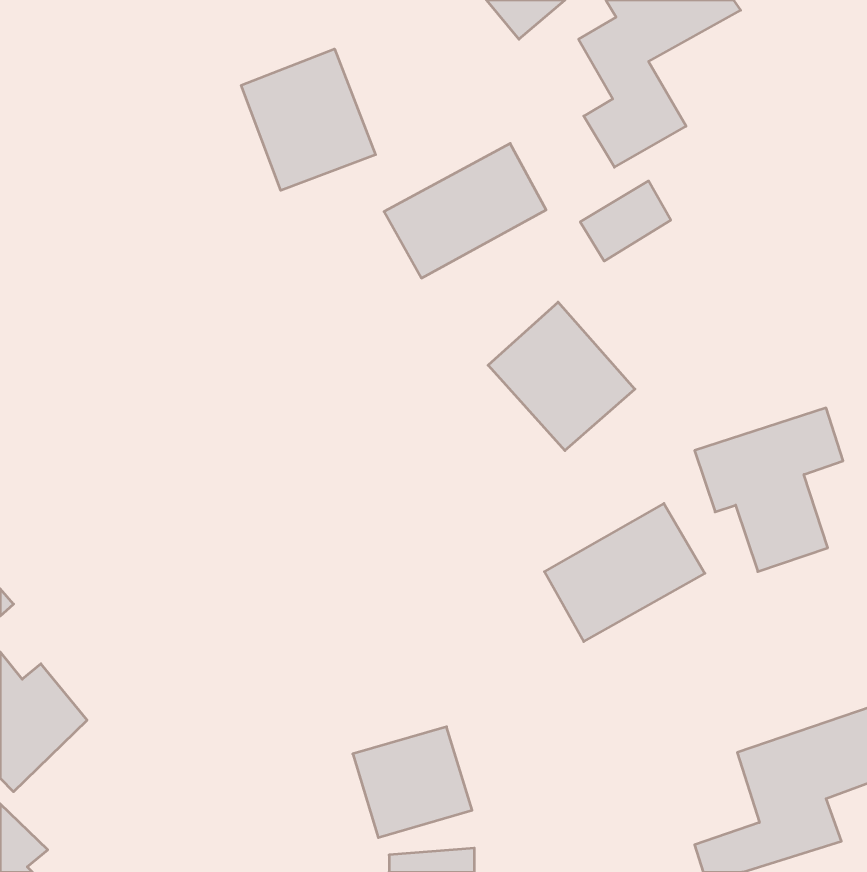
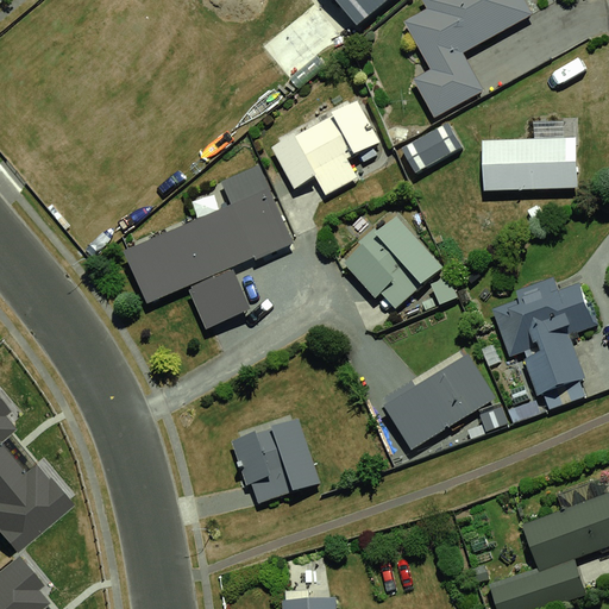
building: [241,49,376,190] -> none
building: none -> [481,134,582,193]
building: none -> [125,169,290,325]
building: [353,727,472,838] -> [227,422,310,500]

